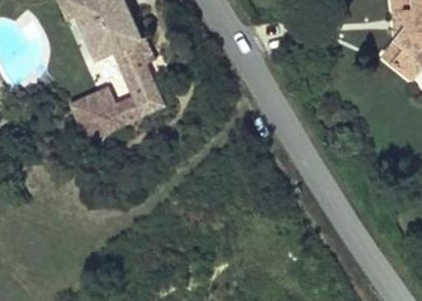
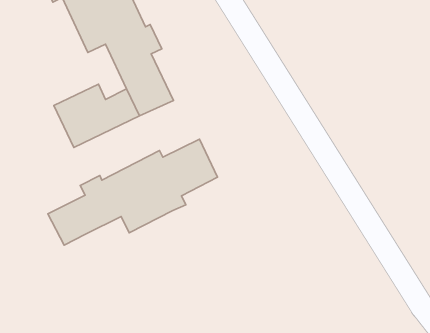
building: none -> [48,139,218,245]

